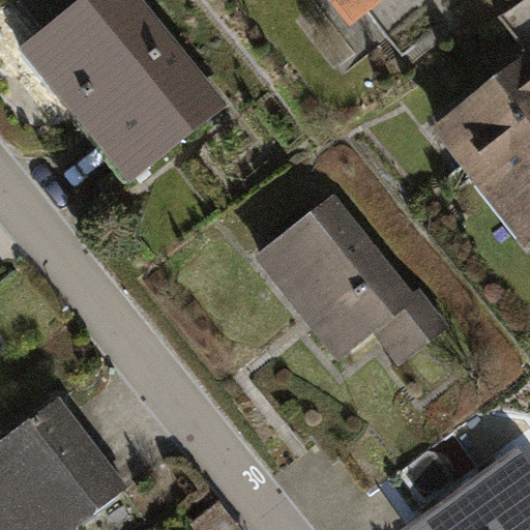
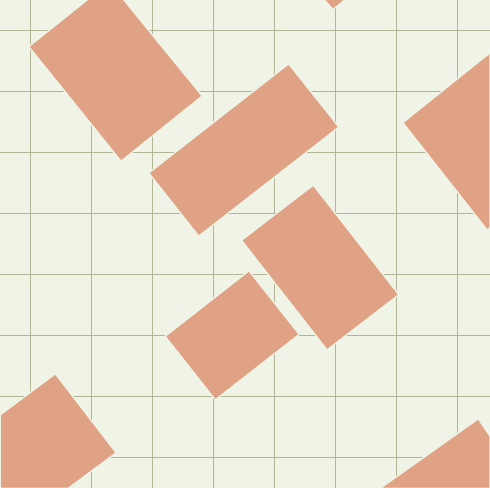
building: none -> [149,64,339,236]
building: none -> [165,271,299,400]

